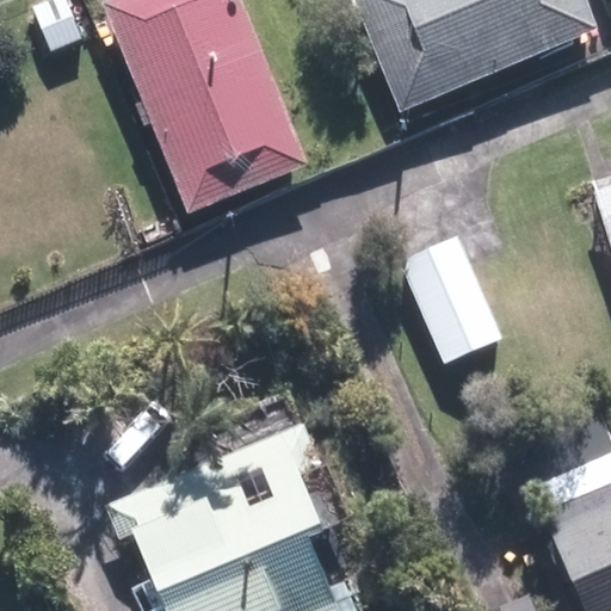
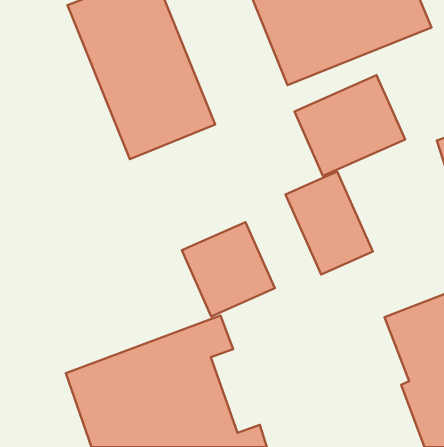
building: none -> [294,75,405,176]
building: none -> [182,222,275,317]

